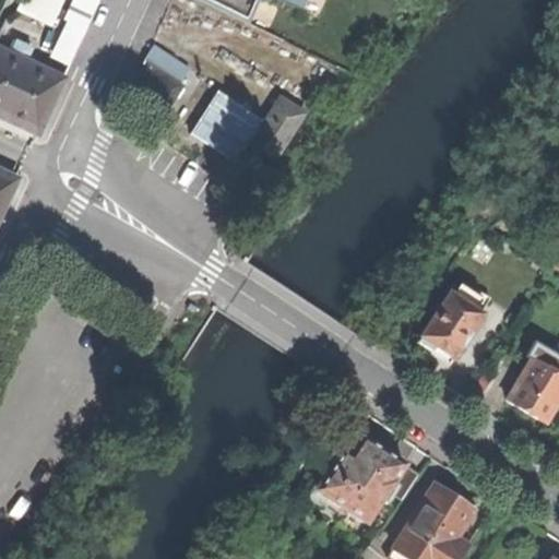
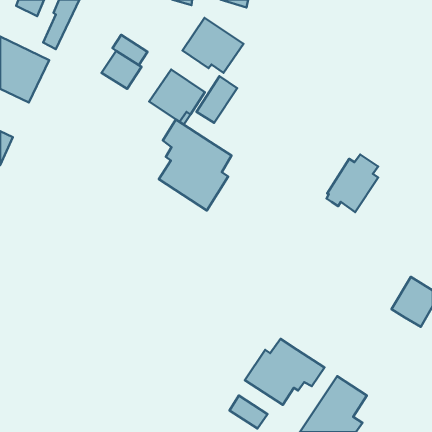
building: none -> [183,18,243,73]
building: none -> [159,120,232,210]
building: [415,283,481,357] -> [326,154,378,212]
building: none -> [229,395,267,429]

